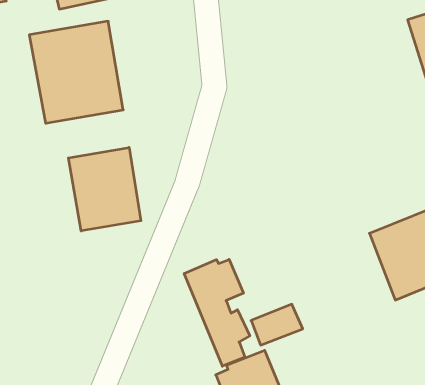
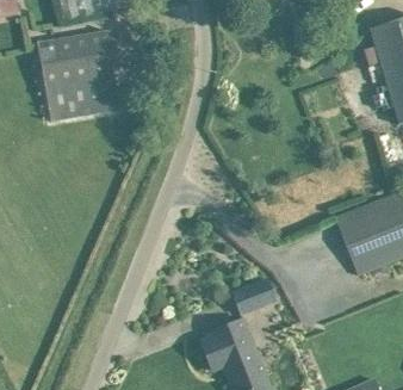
building: [68,147,141,231] -> none
building: [184,259,250,366] -> none

